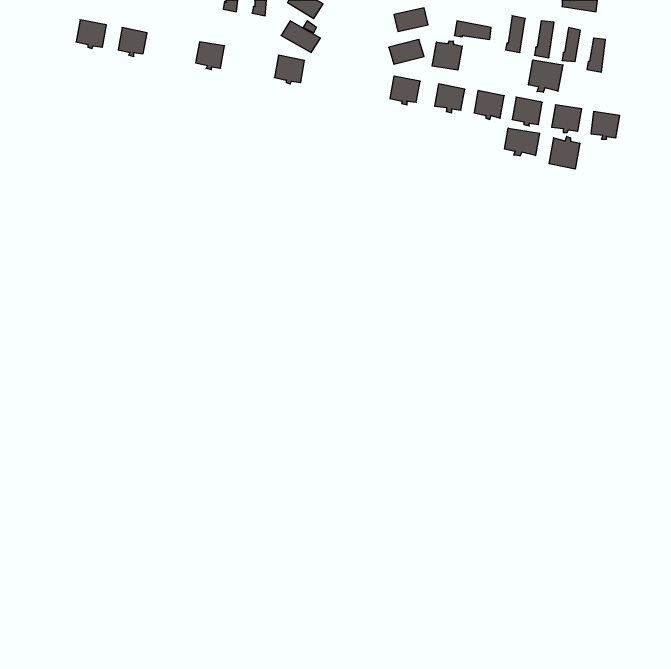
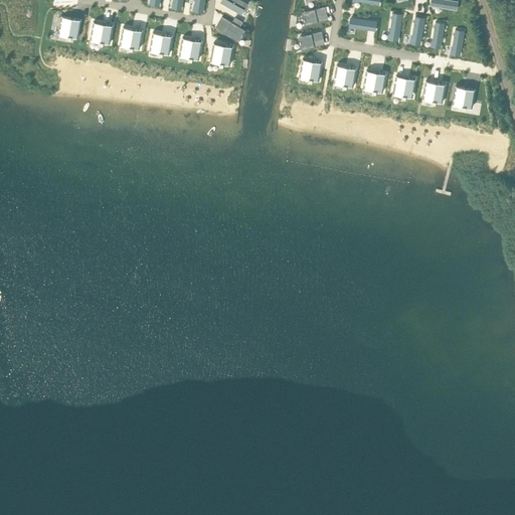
building: none -> [120,27,143,49]
building: [432,41,462,70] -> none
building: none -> [179,38,202,59]
building: [529,60,563,92] -> none
building: [505,128,540,156] -> none
building: [549,136,580,169] -> none

